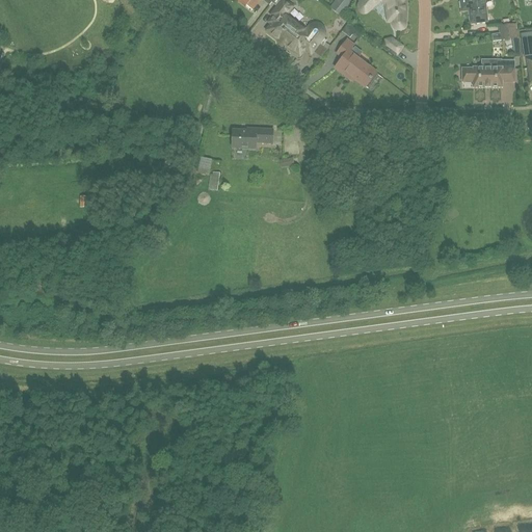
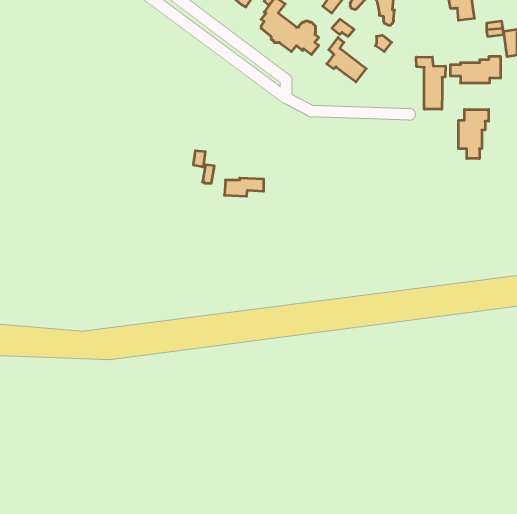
building: none -> [416,57,445,109]
building: none -> [459,109,489,159]
building: [232,127,272,145] -> [224,178,264,196]

